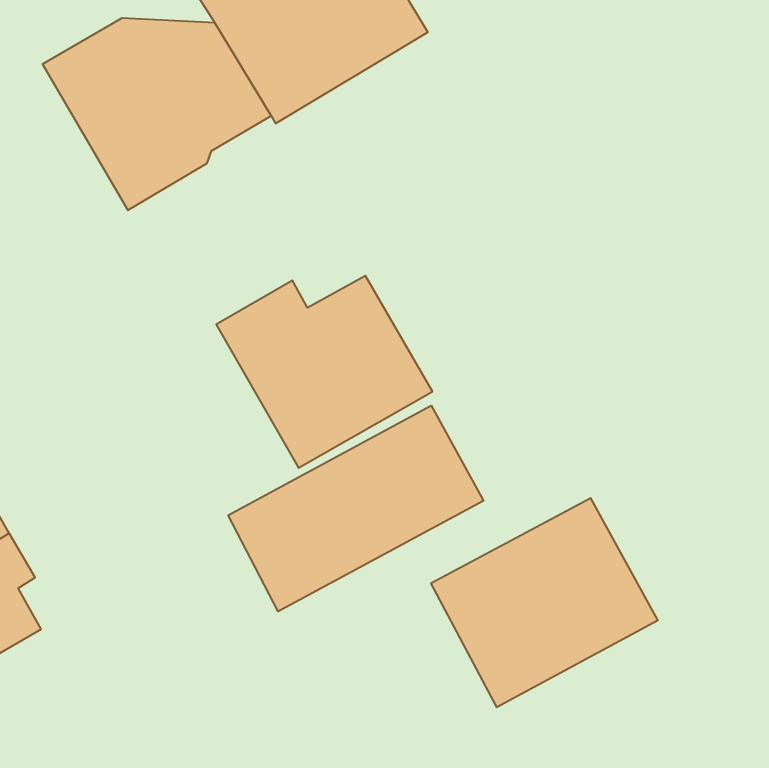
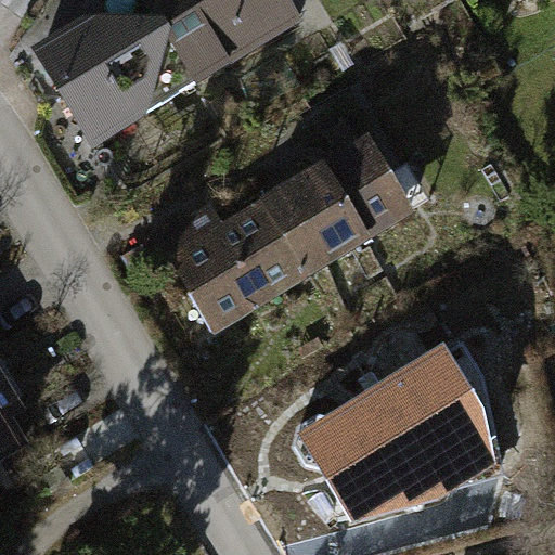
building: none -> [260,132,417,279]
building: [228,406,483,611] -> none

